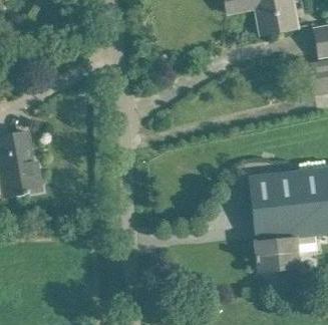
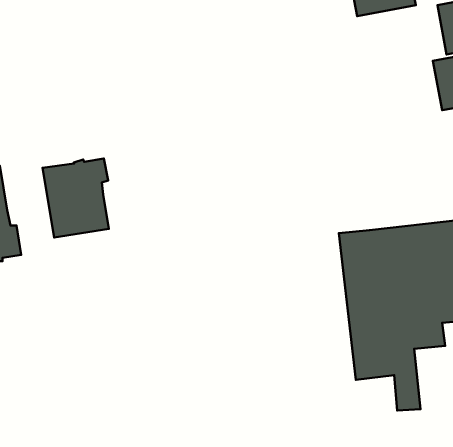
building: none -> [42,158,109,238]

